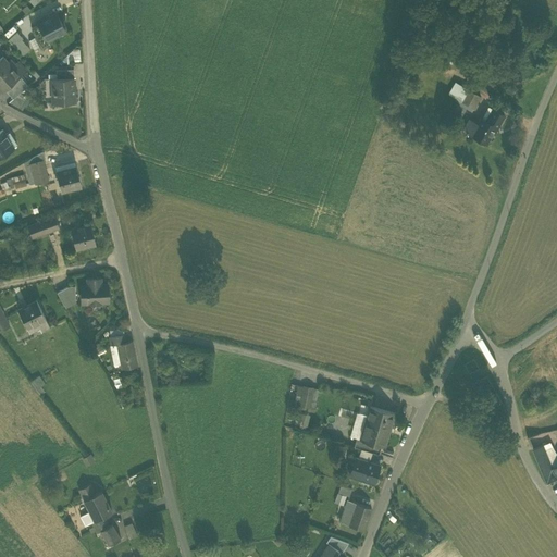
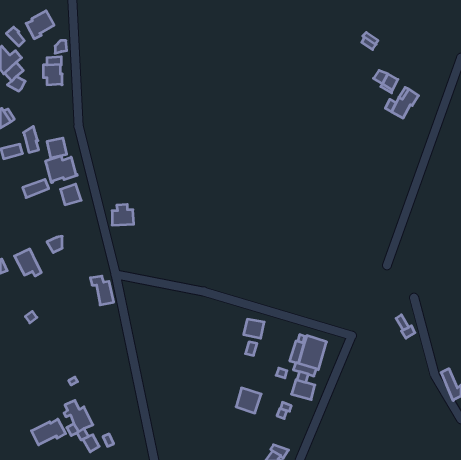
building: none -> [46,156,77,183]
building: [82,278,108,304] -> [112,204,134,225]
building: [341,500,371,531] -> [236,388,261,413]
building: none -> [31,419,66,445]

